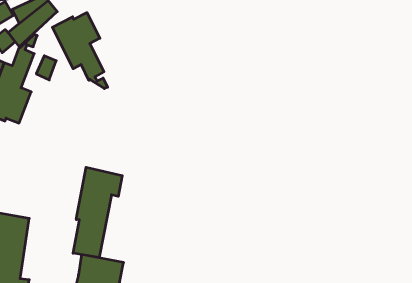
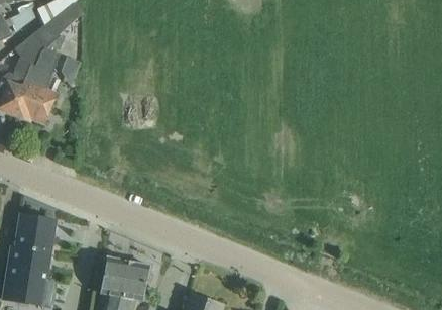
building: [52,13,108,89] -> none
building: [73,167,122,257] -> none

